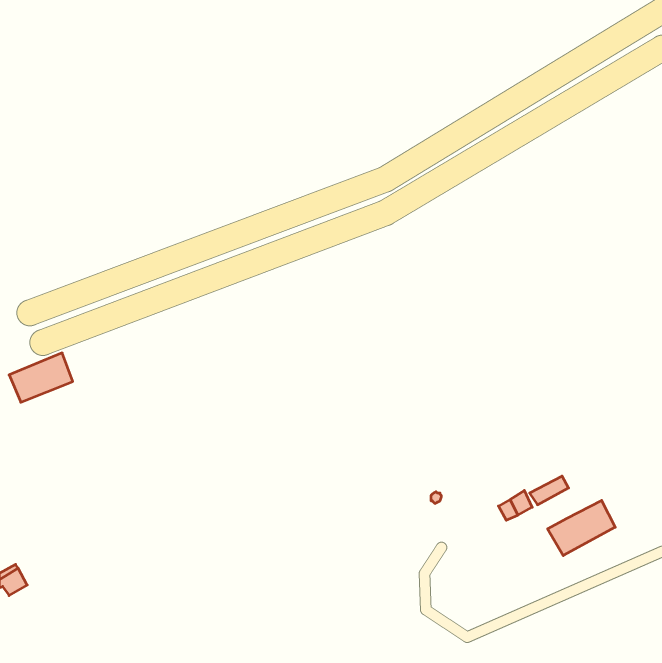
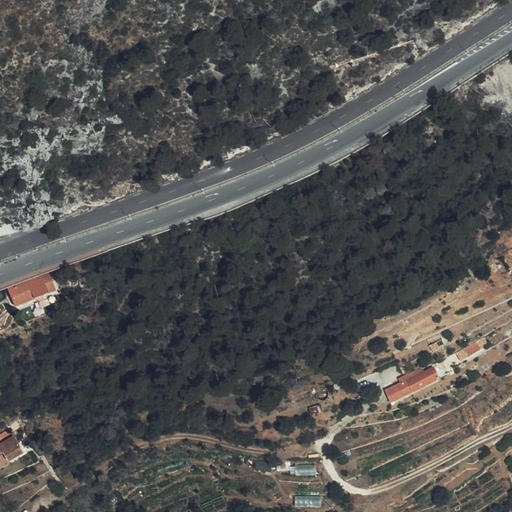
building: [548,500,615,556] -> none

